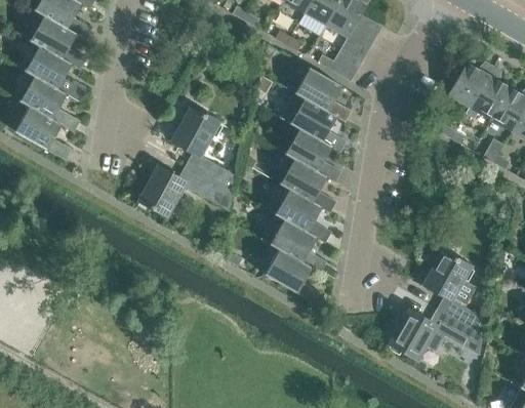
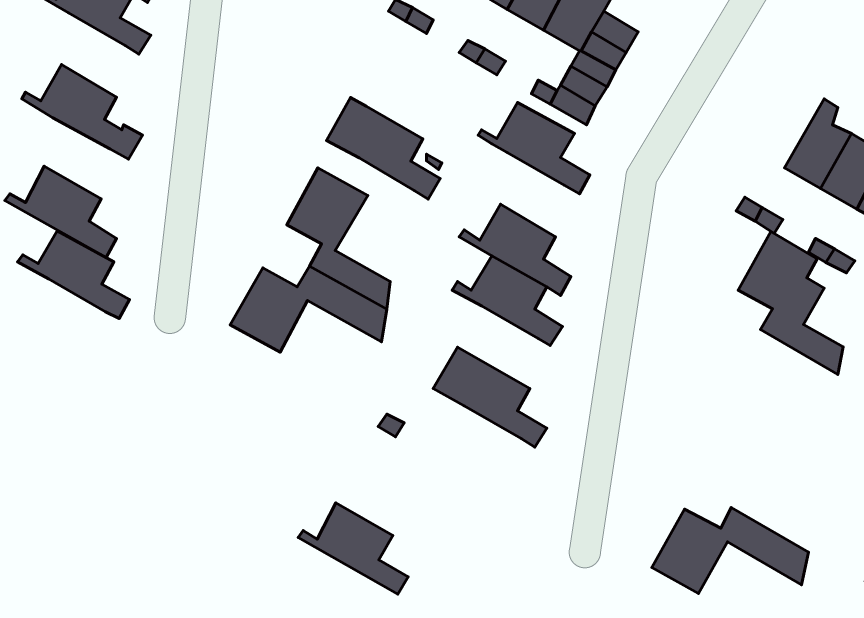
building: [18,14,86,70] -> none
building: [447,60,492,107] -> none
building: [9,77,76,129] -> [18,231,129,319]
building: [280,92,348,153] -> [327,97,440,199]
building: [266,189,331,242] -> none
building: [255,248,321,302] -> [298,503,408,594]
building: [423,250,486,335] -> [738,231,843,374]

